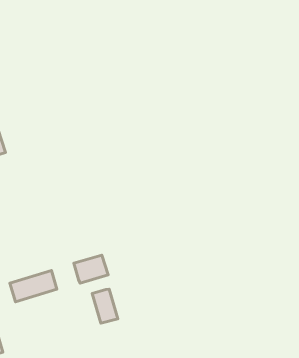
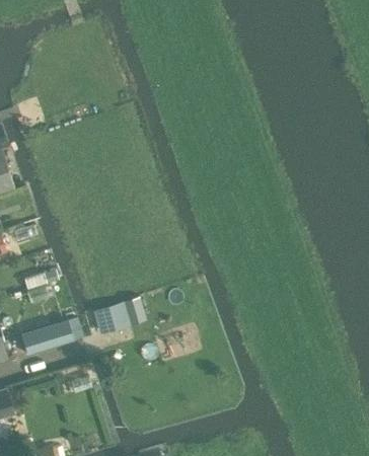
building: [92,289,118,323] -> none

